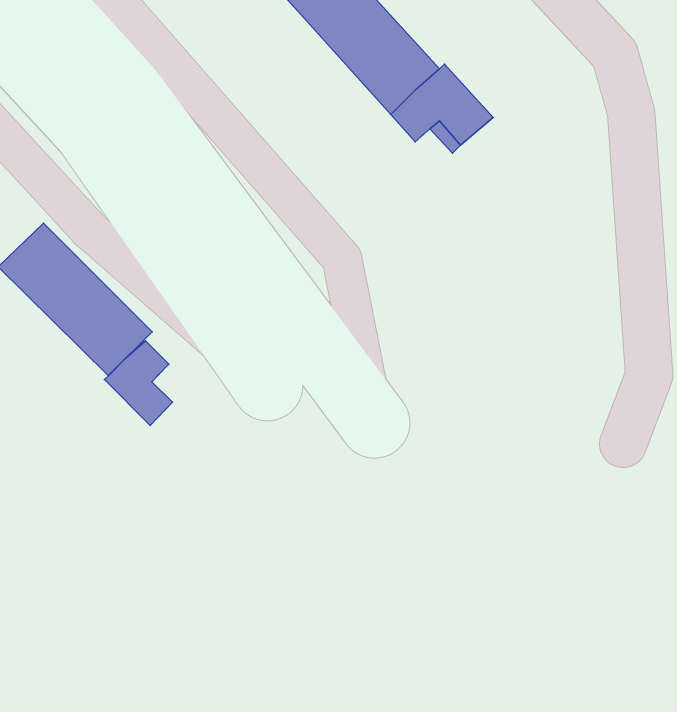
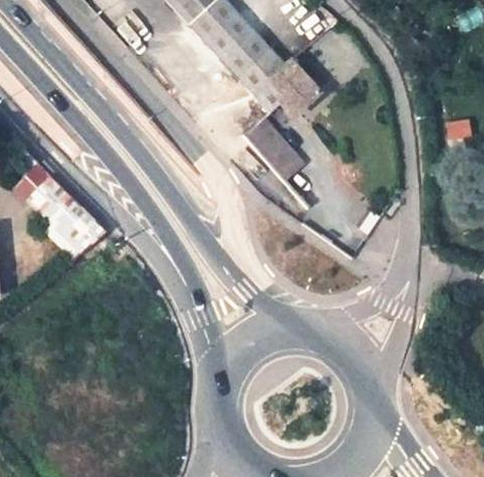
building: none -> [246,117,301,175]
building: [105,341,172,426] -> none

